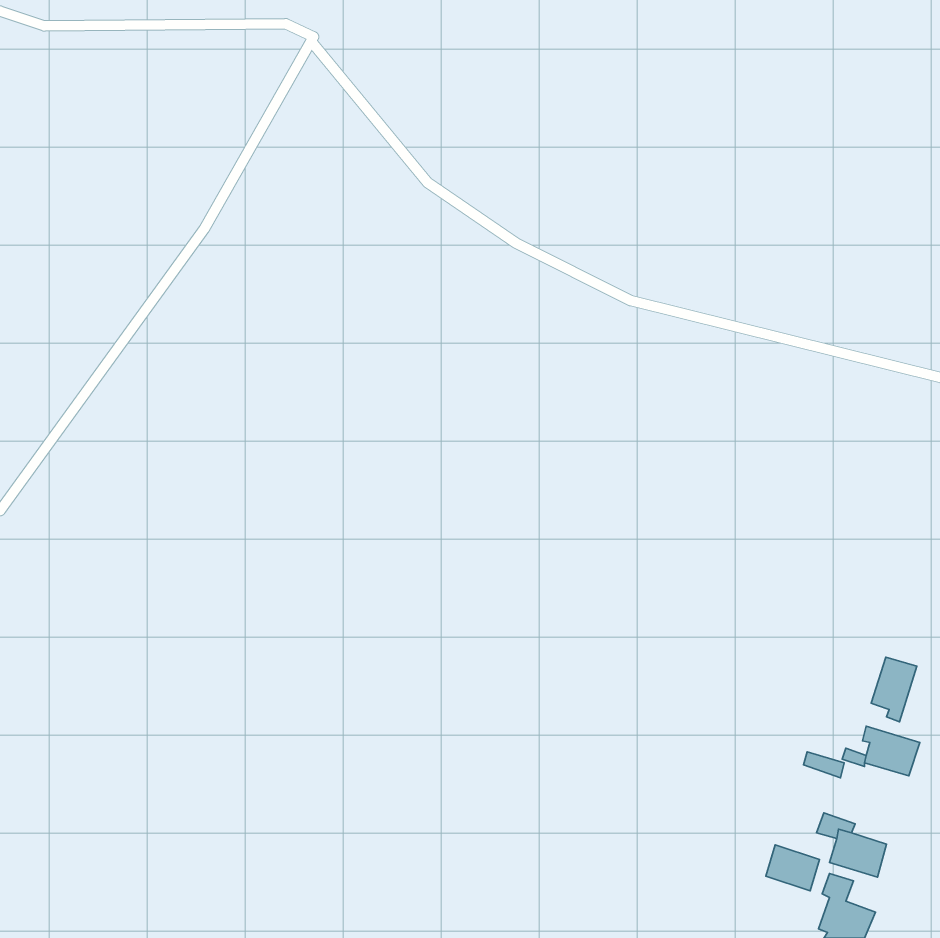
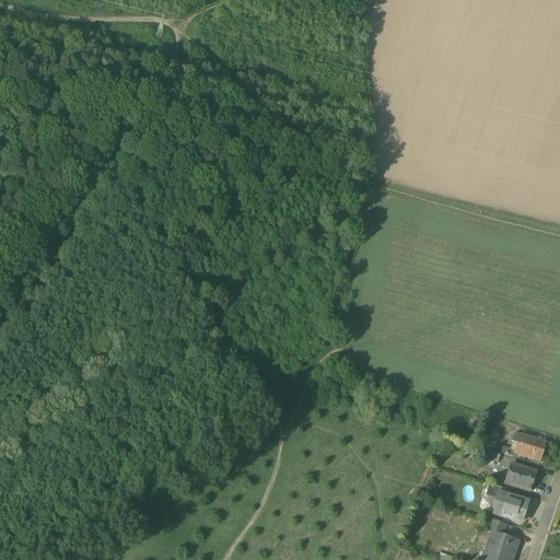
building: [871,657,917,722] -> none
building: [766,845,819,891] -> [505,463,537,490]

